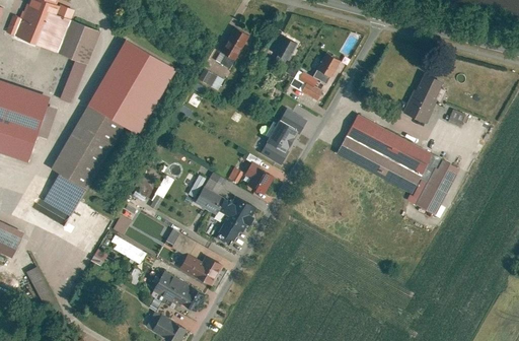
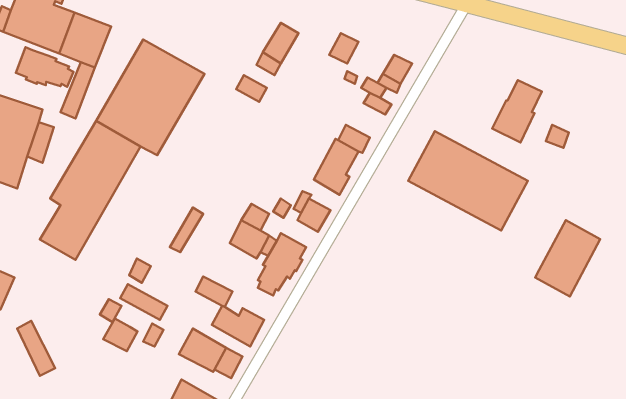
building: none -> [16,47,73,87]
building: [407,153,459,214] -> [535,220,600,297]
building: none -> [103,319,138,351]

